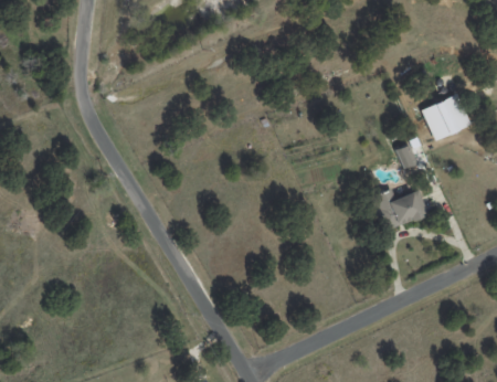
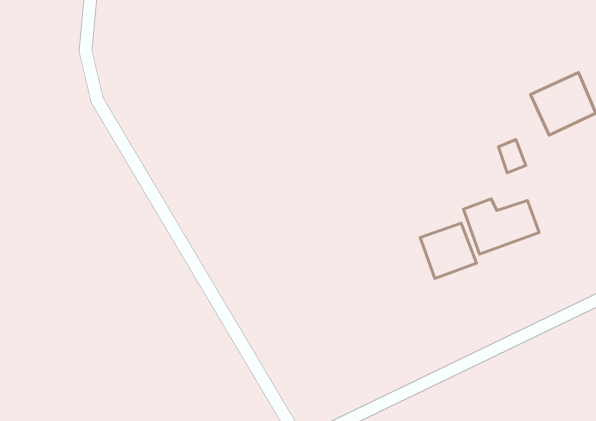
building: none -> [420,223,477,278]

